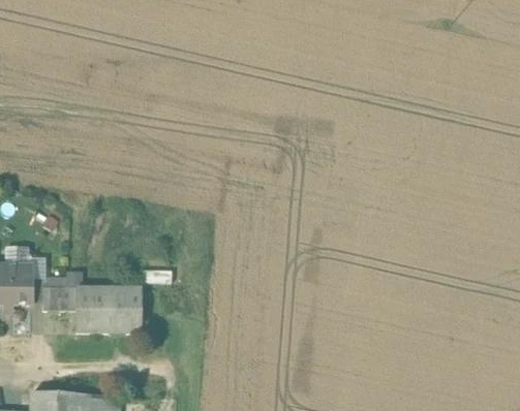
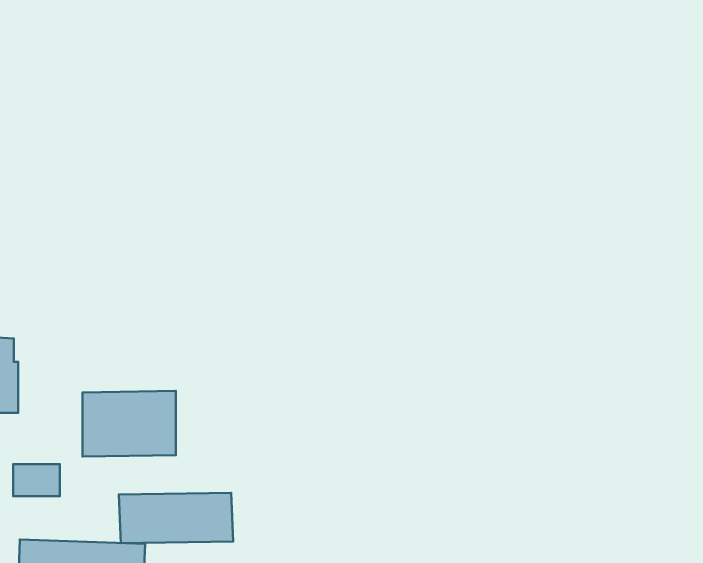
building: [42,287,75,310] -> [13,464,60,496]
building: none -> [119,493,233,543]

